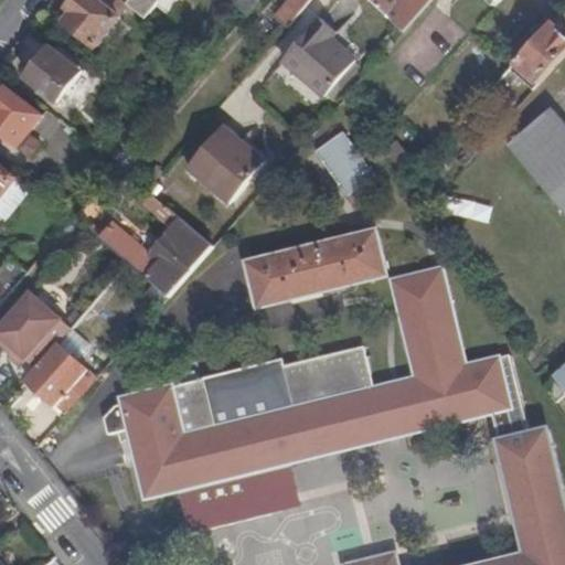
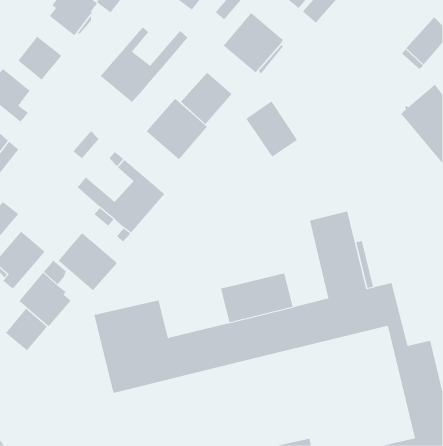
building: none -> [100,27,188,103]
building: none -> [180,72,233,125]
building: [245,231,384,306] -> none
building: none -> [58,232,118,291]
building: [201,360,289,426] -> none
building: none -> [5,308,48,351]

